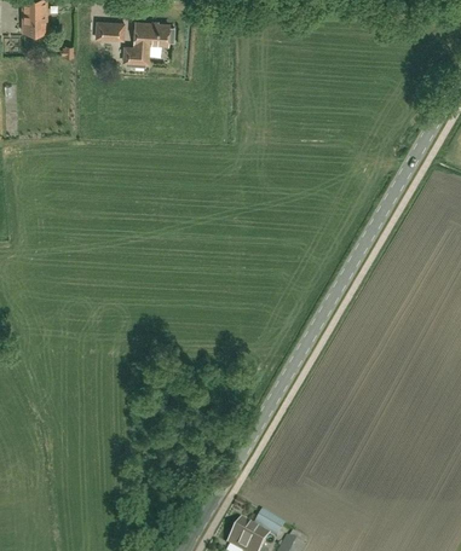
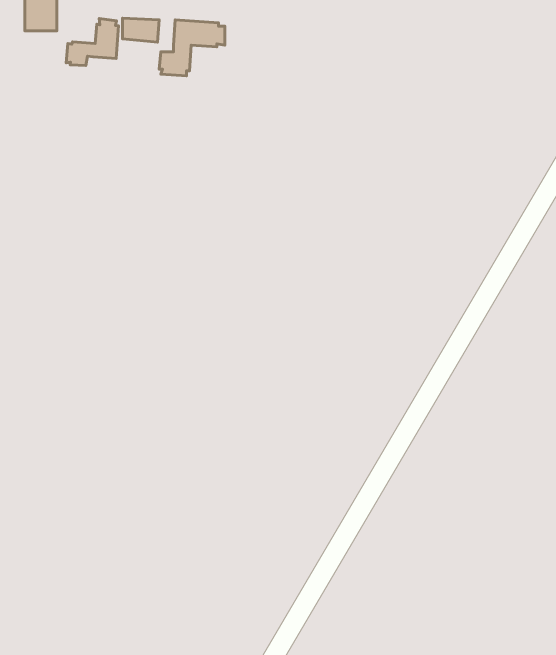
building: none -> [66,19,118,66]

